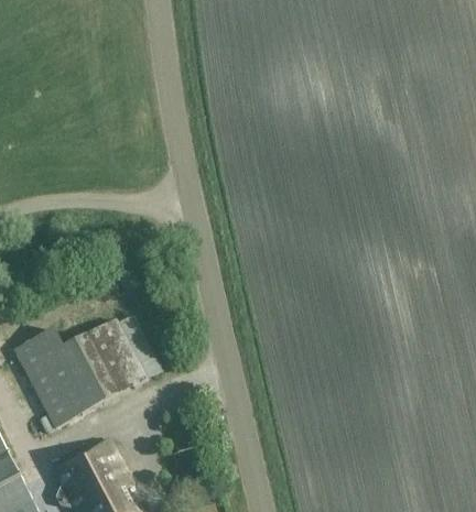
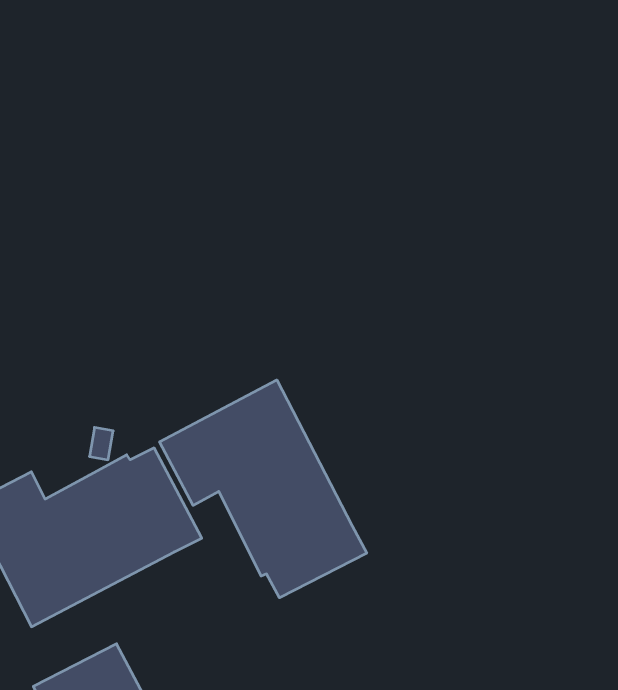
building: none -> [160,380,367,598]

